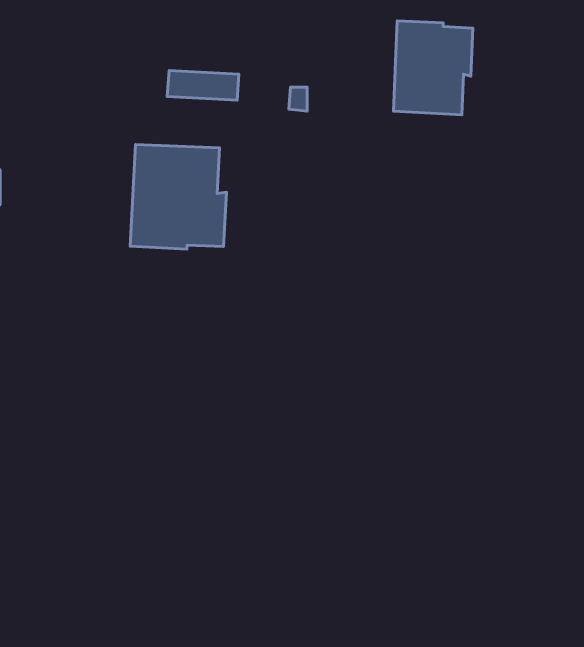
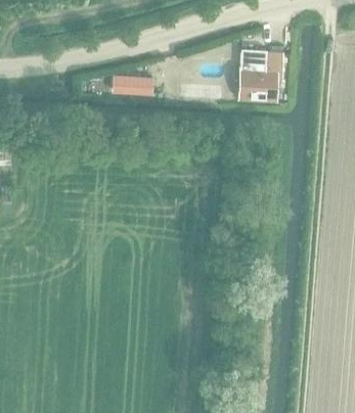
building: [130,144,226,249] -> none

